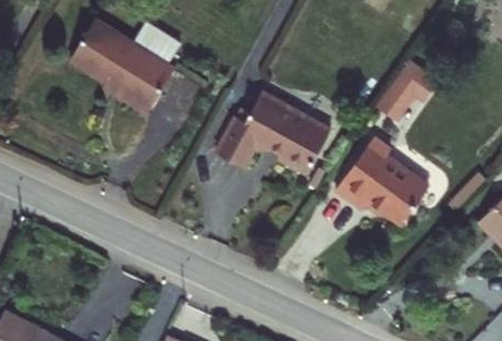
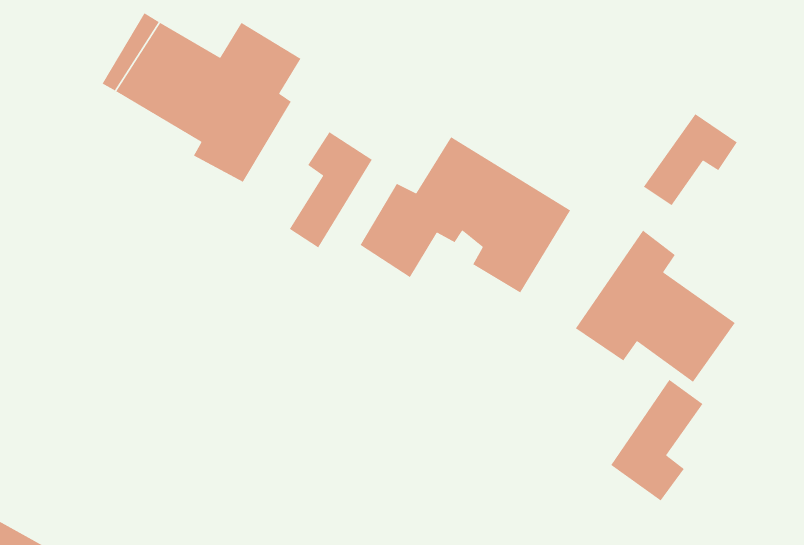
building: none -> [289,131,373,249]
building: none -> [610,379,703,501]

